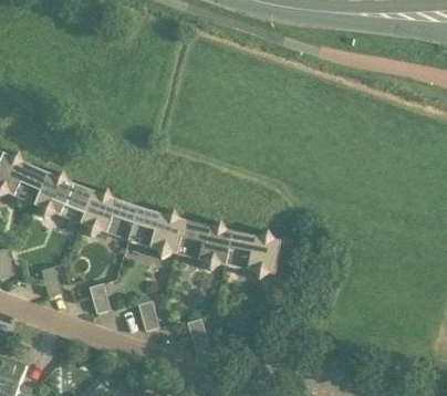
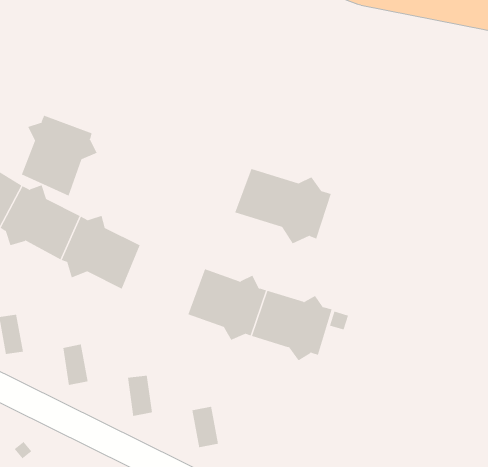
building: none -> [21,115,97,196]
building: none -> [235,168,332,244]
building: [127,207,185,258] -> none

